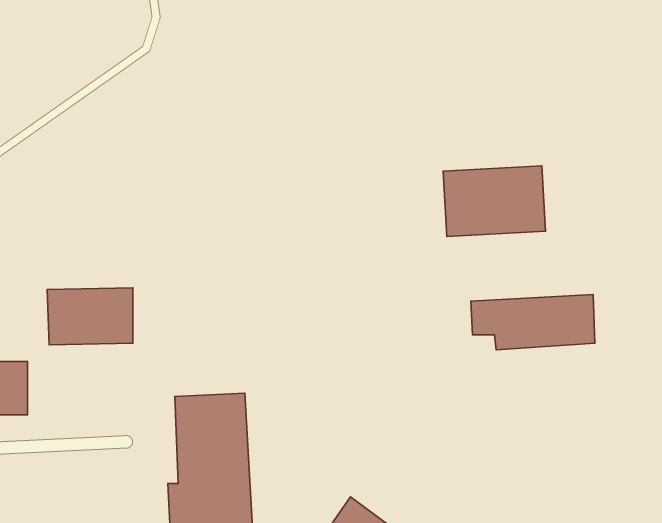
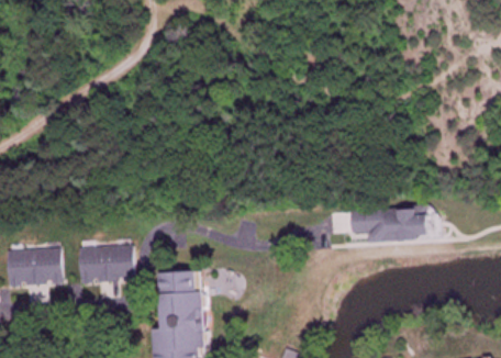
building: [443,166,545,237] -> none
building: [47,288,133,345] -> [76,244,132,281]

